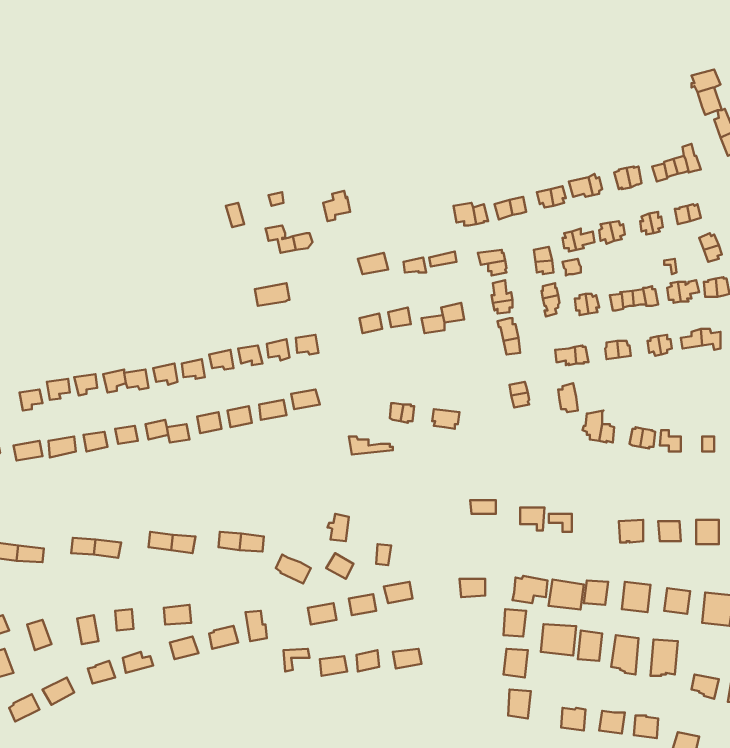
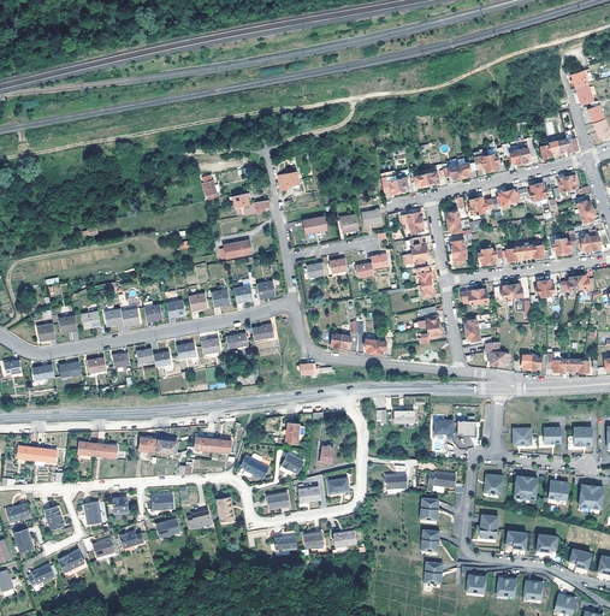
building: [549,580,584,609] -> none
building: [541,624,576,655] -> none

